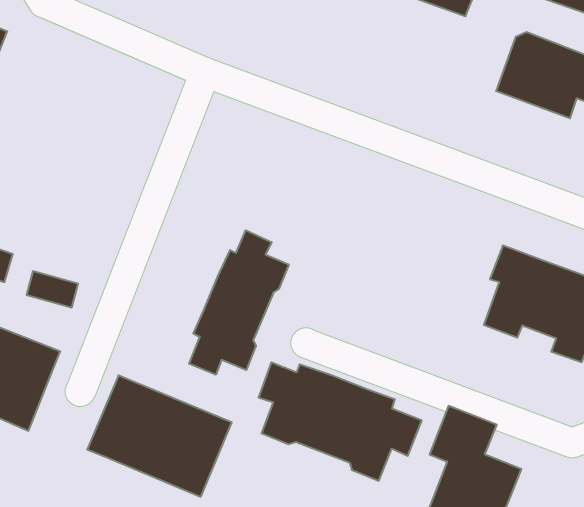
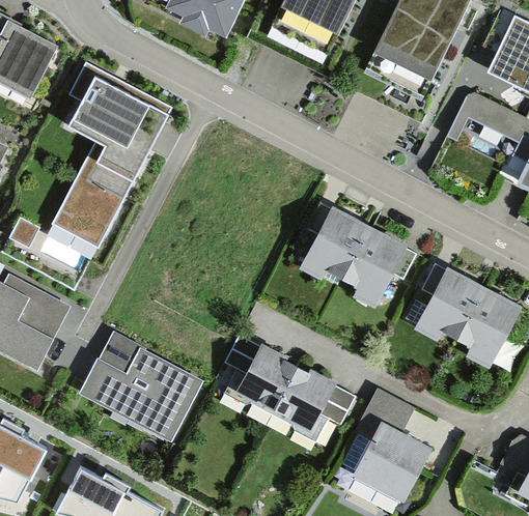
building: none -> [53,74,169,248]
building: none -> [298,203,418,307]
building: [189,230,289,375] -> none

